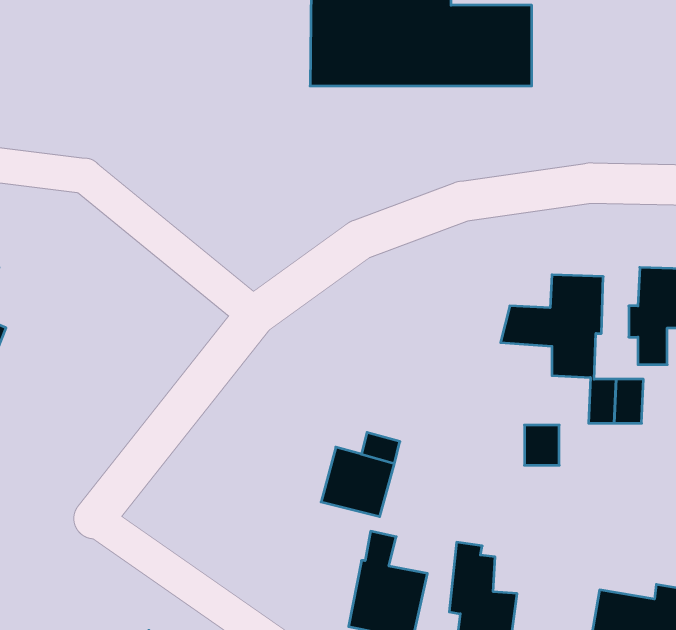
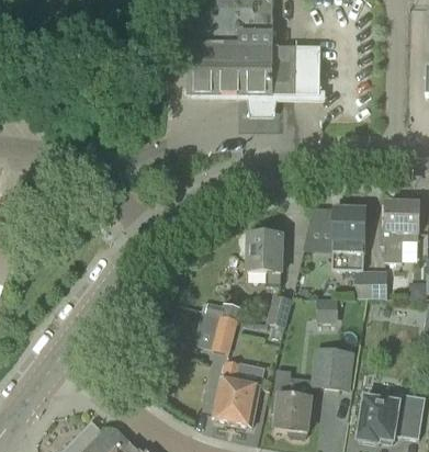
building: none -> [247,234,283,286]
building: none -> [267,293,293,327]
building: none -> [312,347,354,388]

